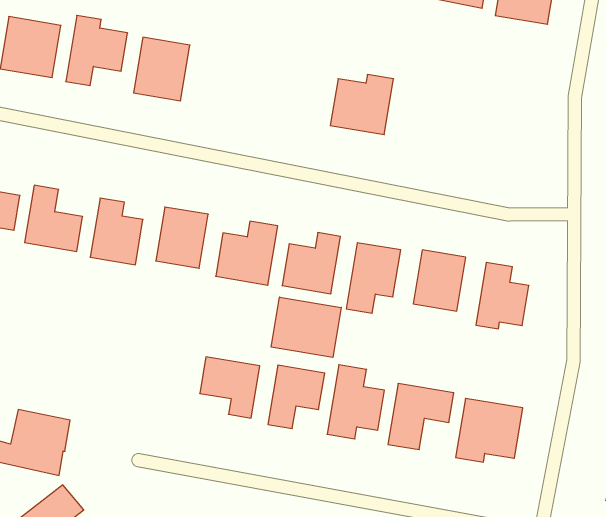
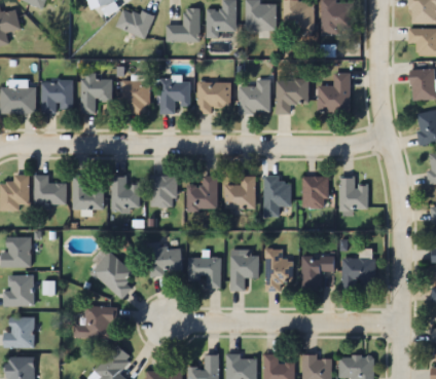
building: none -> [160,80,189,113]
building: none -> [197,81,230,115]
building: none -> [276,80,308,113]
building: none -> [318,73,350,113]
building: [271,297,341,357] -> none
building: none -> [146,242,182,275]
building: none -> [90,253,134,299]

